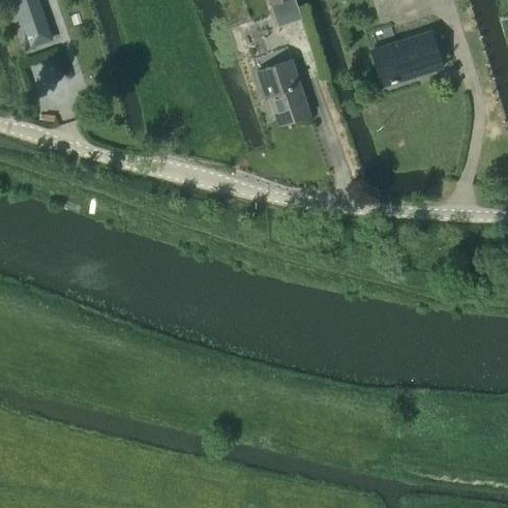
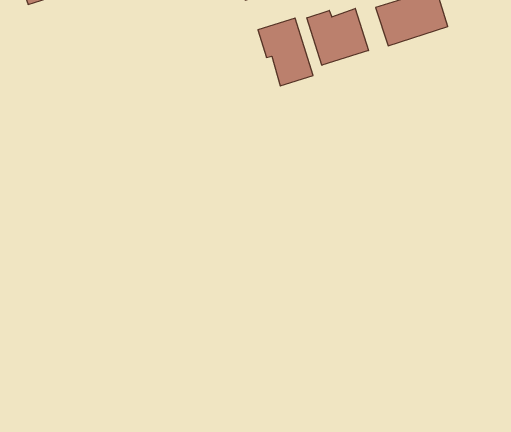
building: none -> [307,8,368,65]

